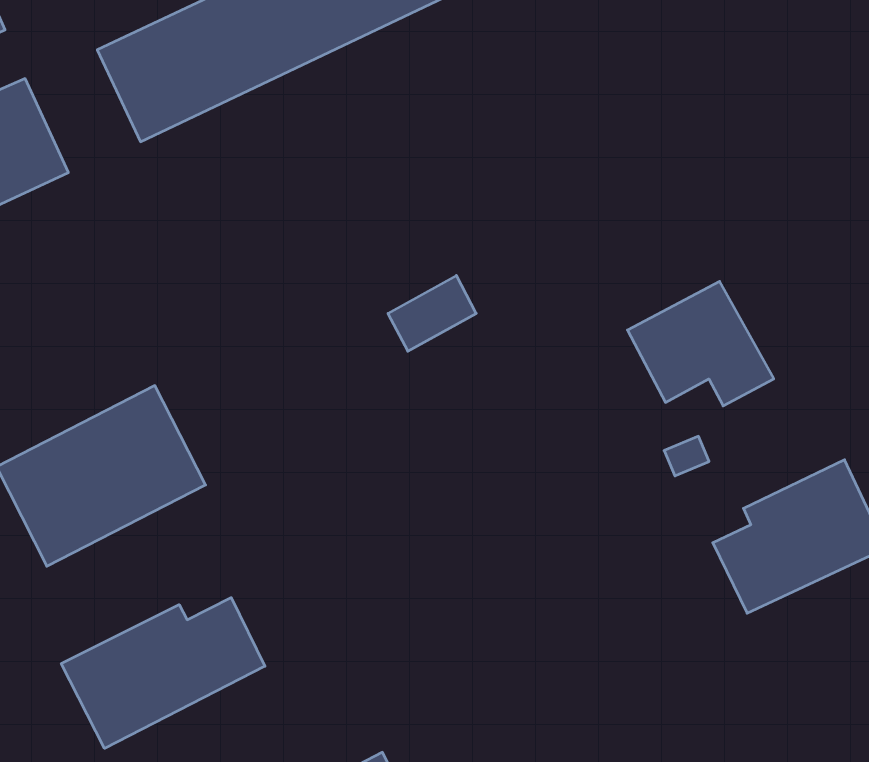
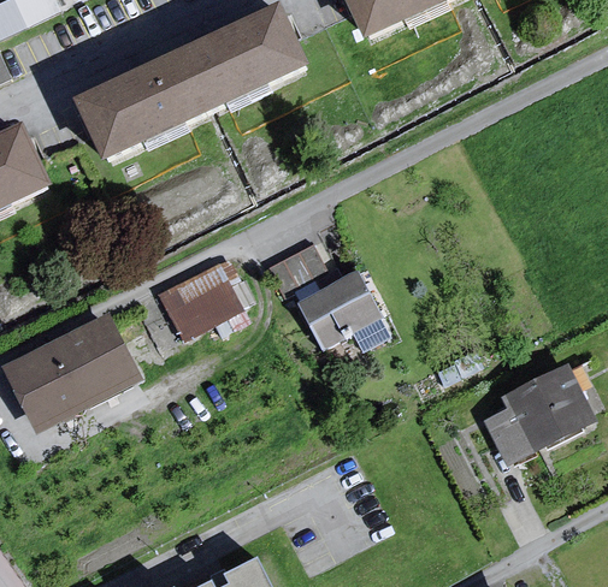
building: [627,281,774,406] -> [296,272,394,355]
building: none -> [155,262,252,340]
building: [61,598,265,748] -> none

